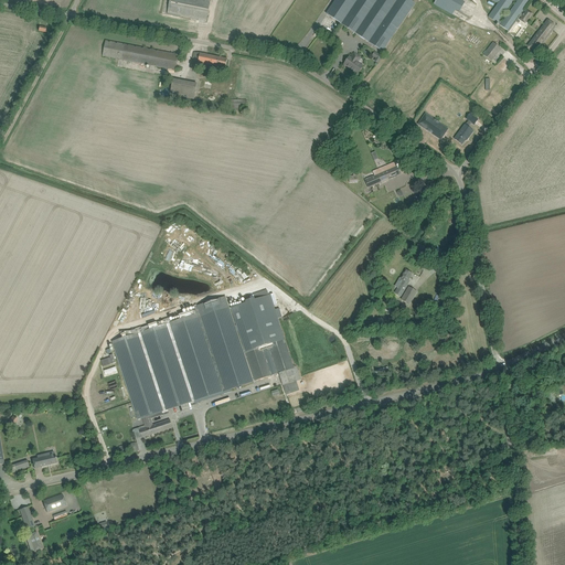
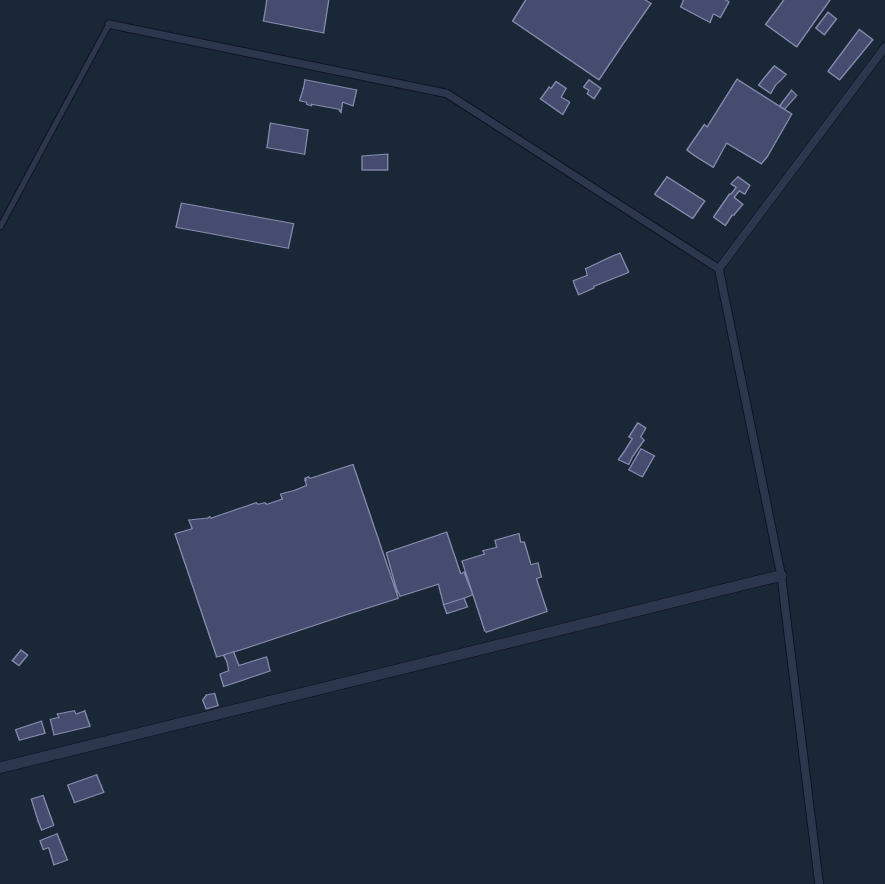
building: [103,40,178,68] -> [176,203,294,248]
building: none -> [687,79,792,167]
building: [231,289,285,352] -> [462,534,547,632]

